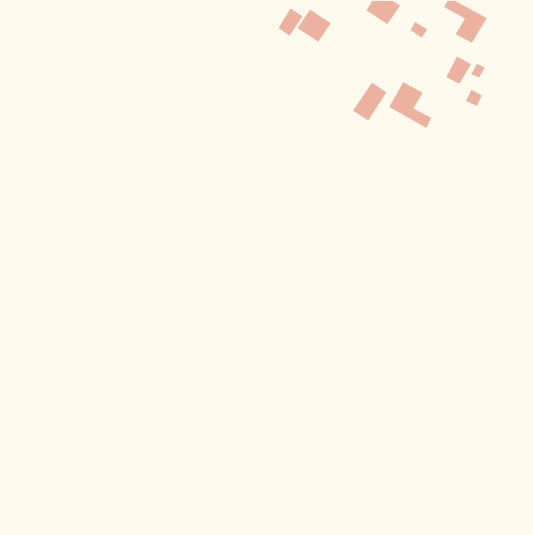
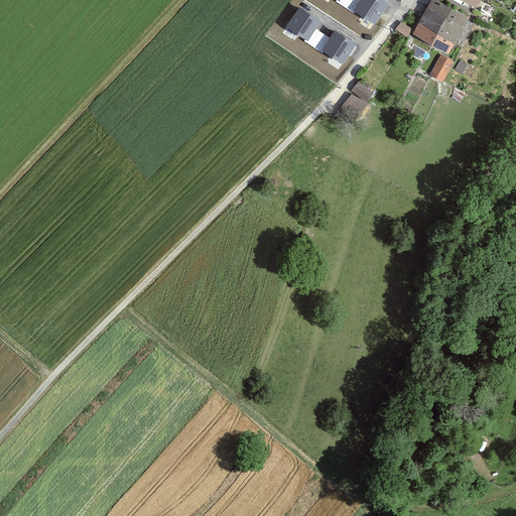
building: [277,7,304,37] -> none
building: none -> [320,30,354,63]
building: [388,81,432,129] -> [412,7,455,53]

